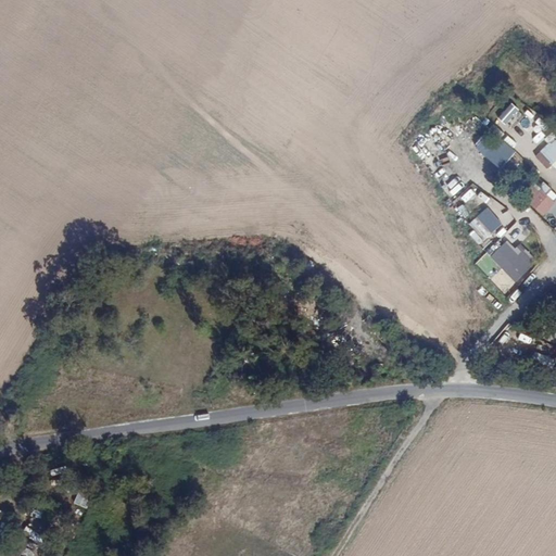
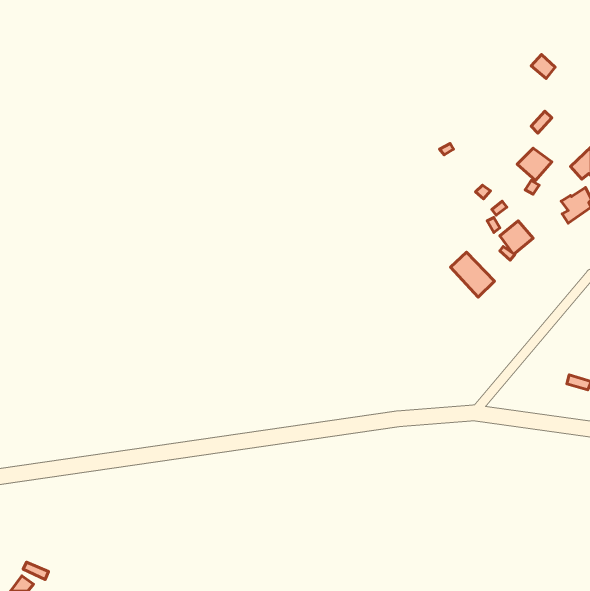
building: [491,241,532,283] -> [450,252,494,297]

